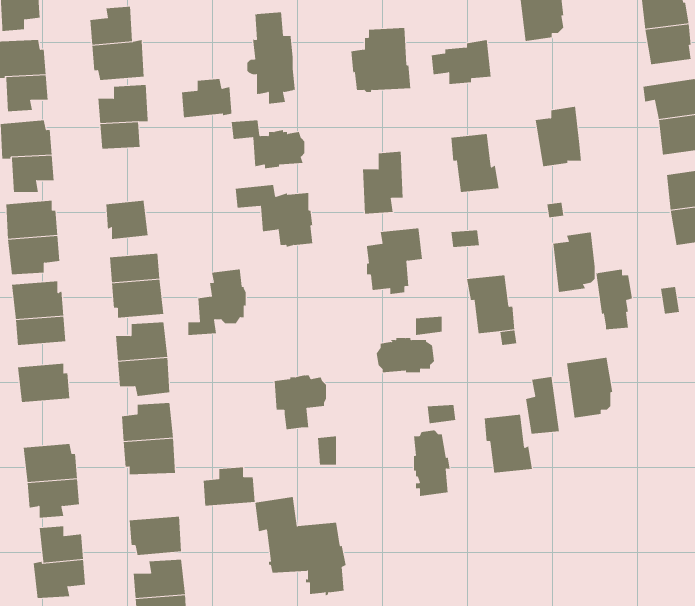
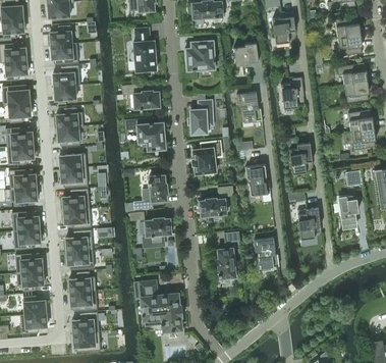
building: [181,79,232,118] -> [56,108,82,128]
building: [188,269,246,335] -> [136,174,167,209]
building: [595,269,633,330] -> [338,196,357,227]
building: [526,376,560,435] -> none
building: none -> [13,229,40,250]
building: [203,467,256,506] -> [68,272,96,293]

